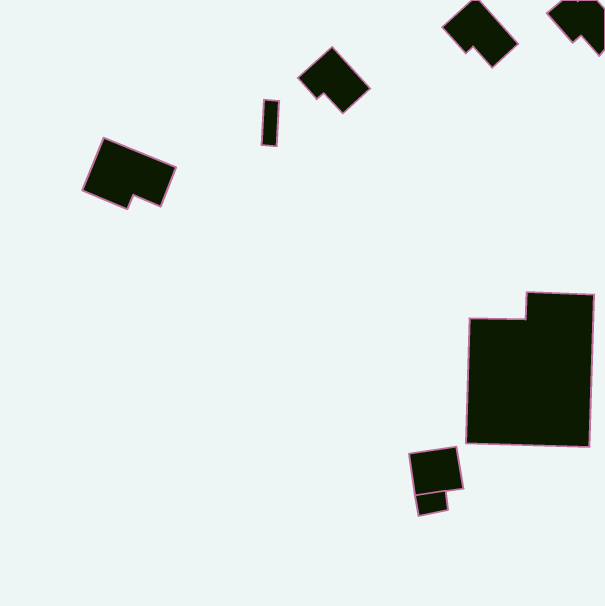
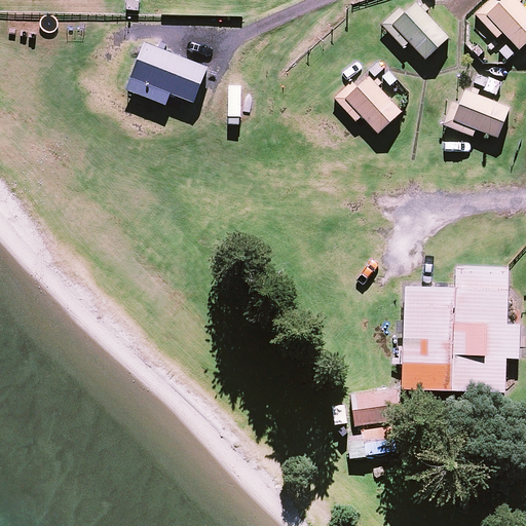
building: [298,47,370,113] -> [339,75,402,133]
building: none -> [441,89,509,137]
building: [82,138,176,209] -> [126,46,208,108]

